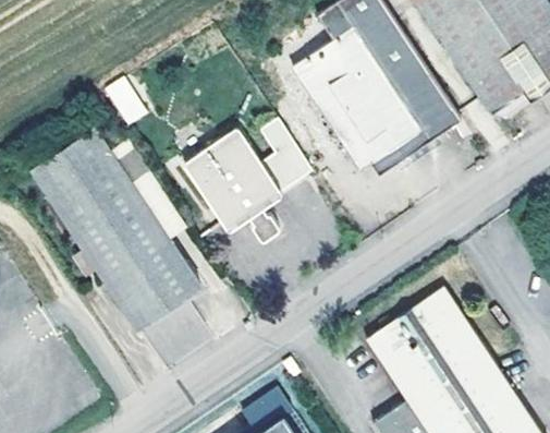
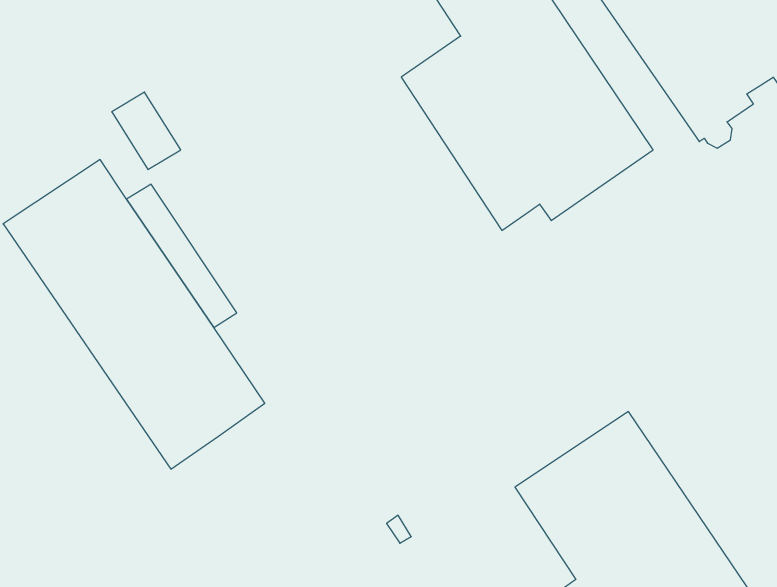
building: [187,116,310,239] -> none

